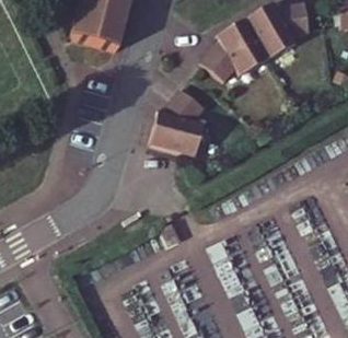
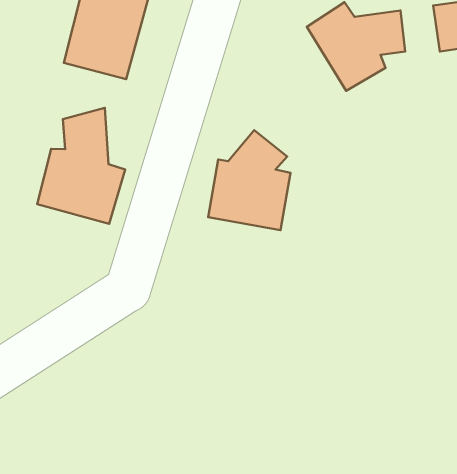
building: [192,19,258,82] -> none
building: none -> [37,108,125,224]

